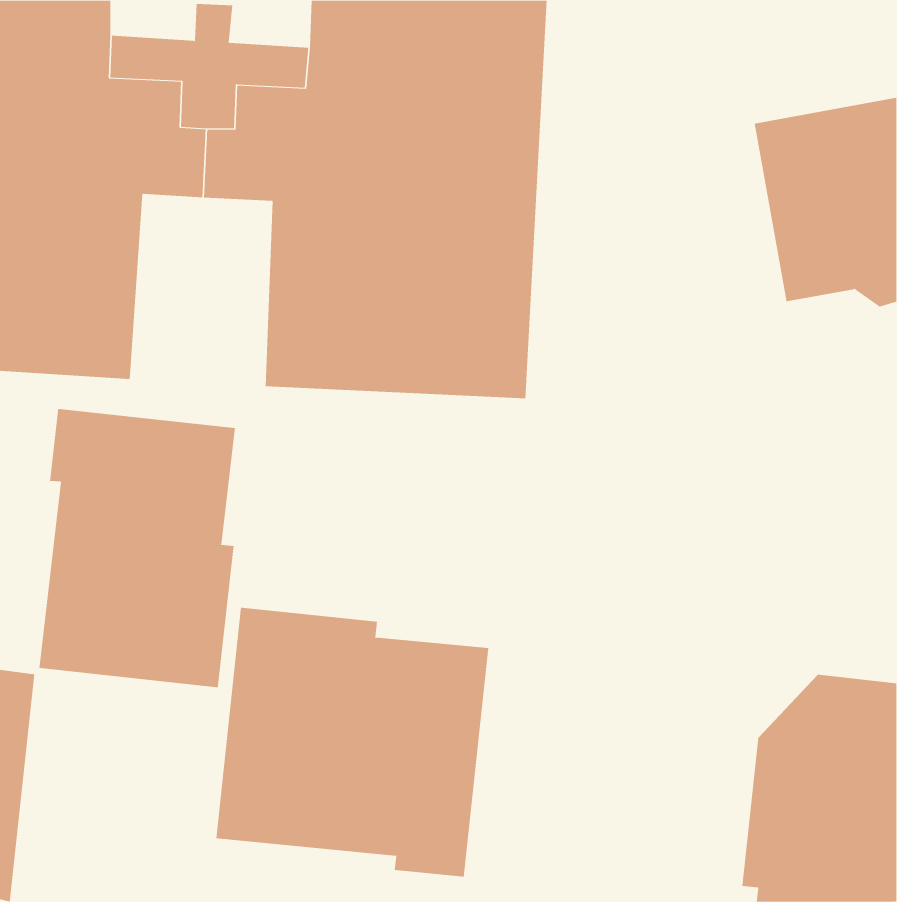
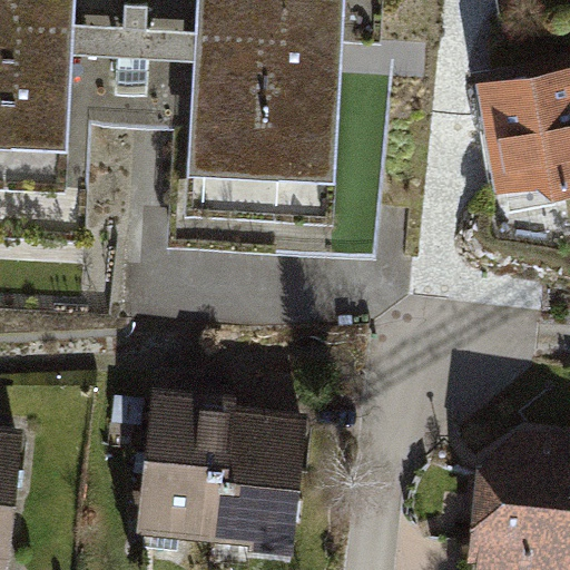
building: [39,408,235,688] -> none

